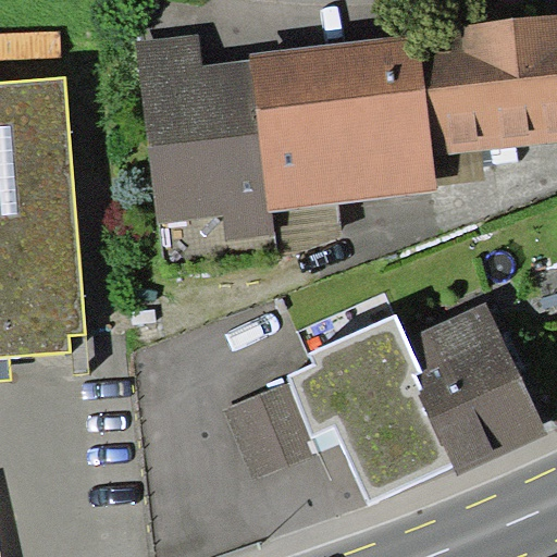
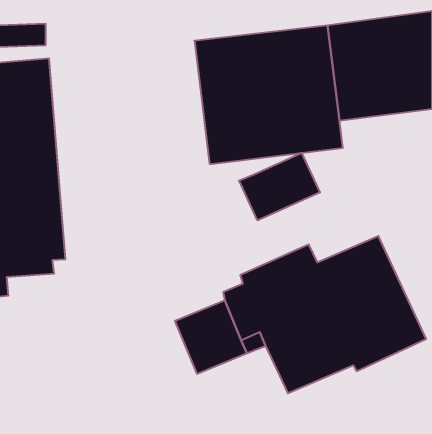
building: [136,34,276,264] -> none
building: none -> [239,153,320,220]

